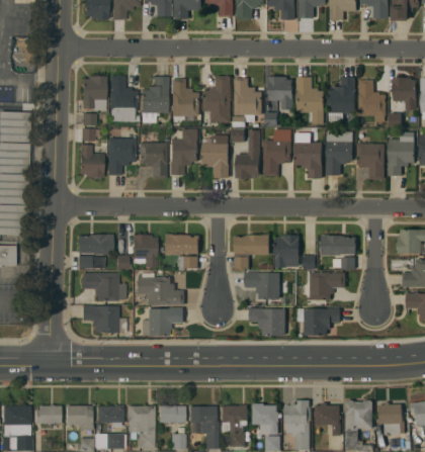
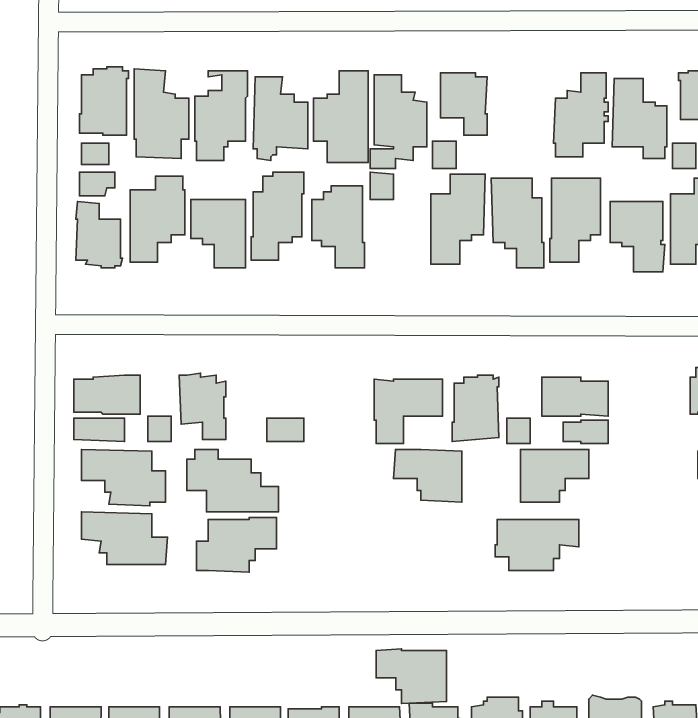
building: [295,77,322,124] -> none
building: [236,130,260,179] -> none
building: [164,234,199,255] -> none
building: [249,307,285,336] -> [376,649,447,703]

